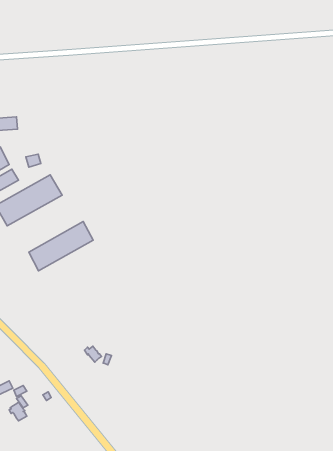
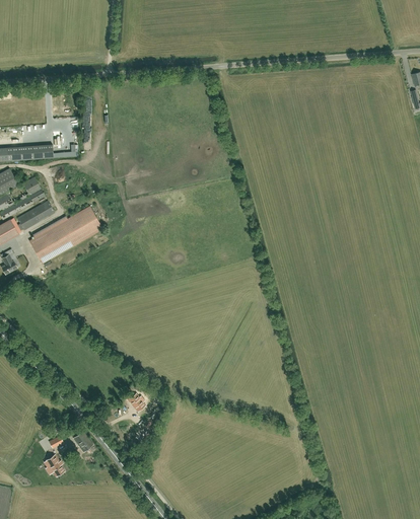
building: [29,222,93,271] -> none

